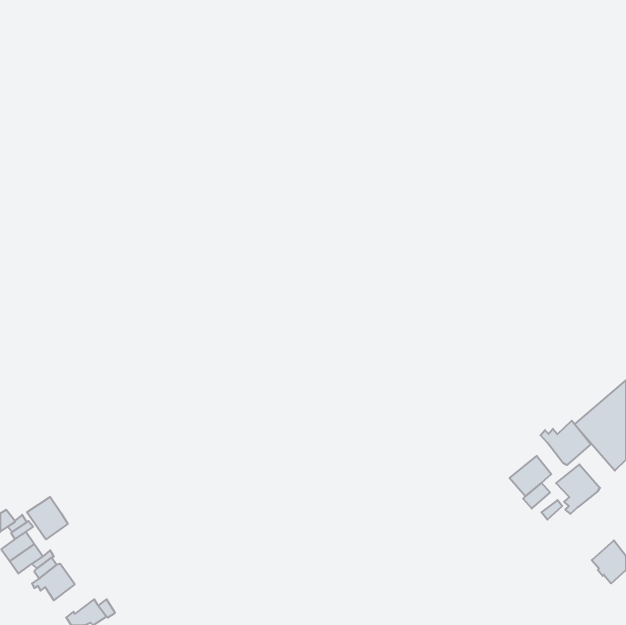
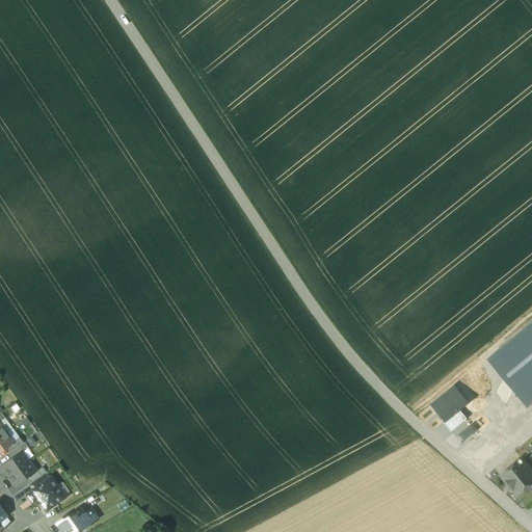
building: [540,421,591,465] -> none
building: [556,464,600,514] -> none
building: [27,497,68,539] -> none

